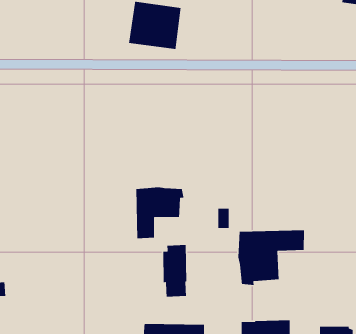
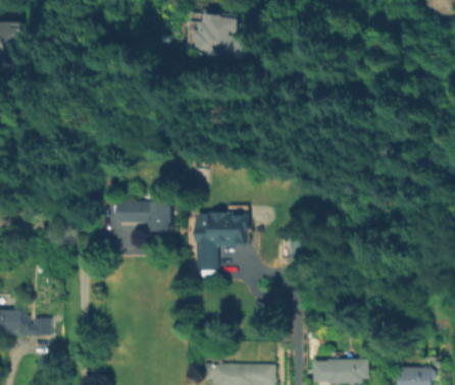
building: none -> [119,202,172,232]
building: [238,229,305,286] -> none
building: [163,244,187,297] -> none

